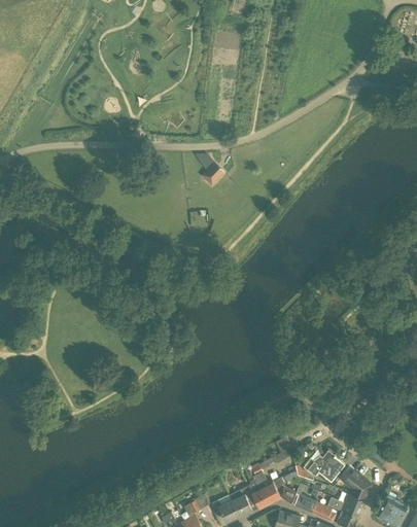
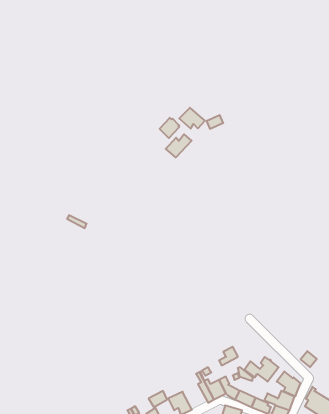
building: none -> [179,108,205,129]
building: none -> [166,134,192,157]
building: [229,487,253,518] -> none

